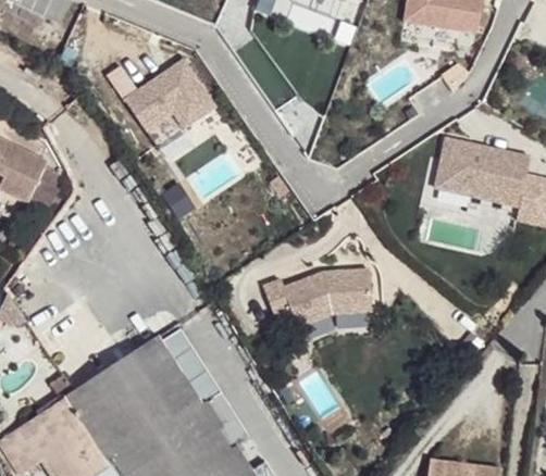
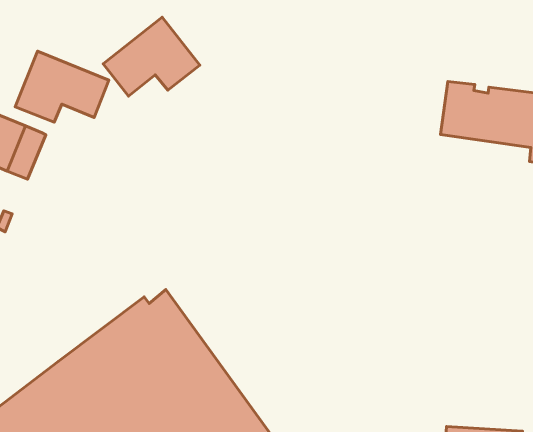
building: none -> [15,51,109,122]
building: [266,270,375,326] -> none

